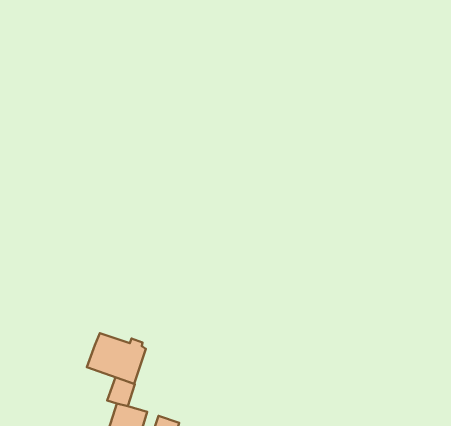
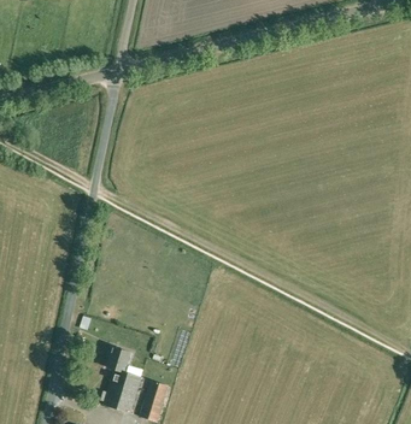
building: [87,333,146,384] -> none

